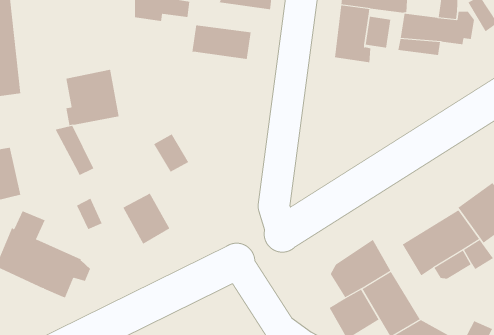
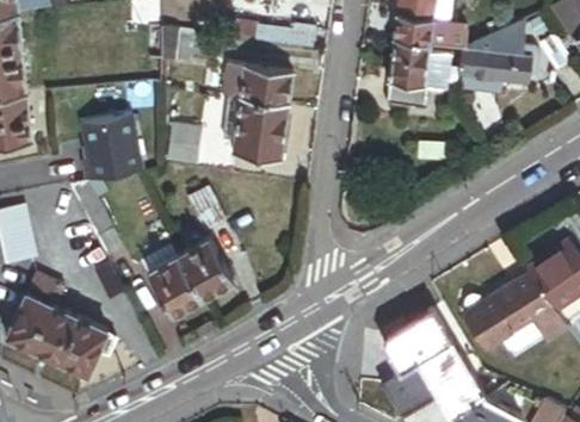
building: none -> [223,95,288,161]
building: none -> [166,124,202,163]
building: none -> [178,236,233,294]

